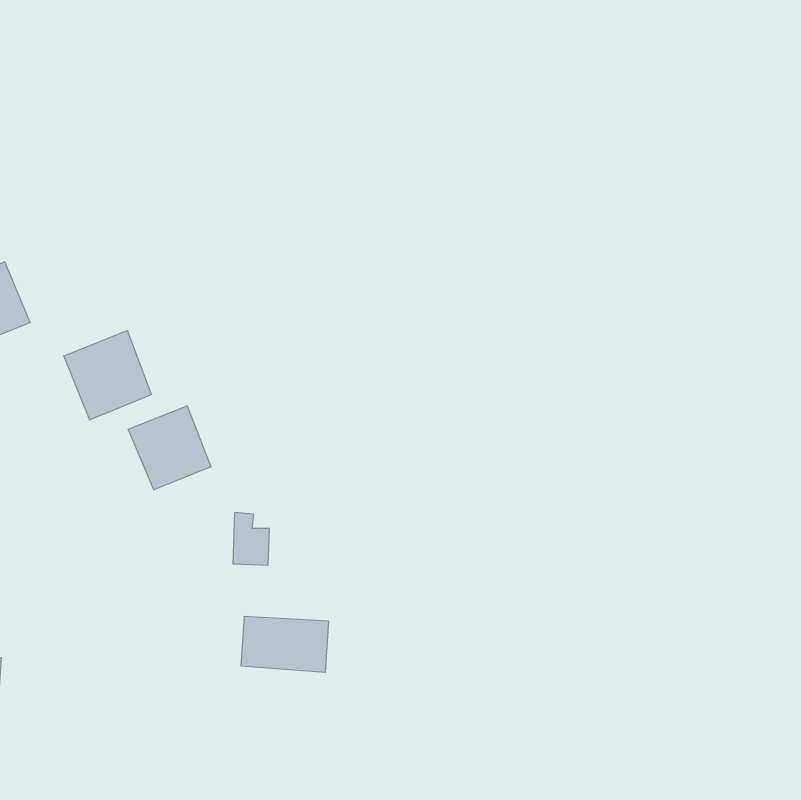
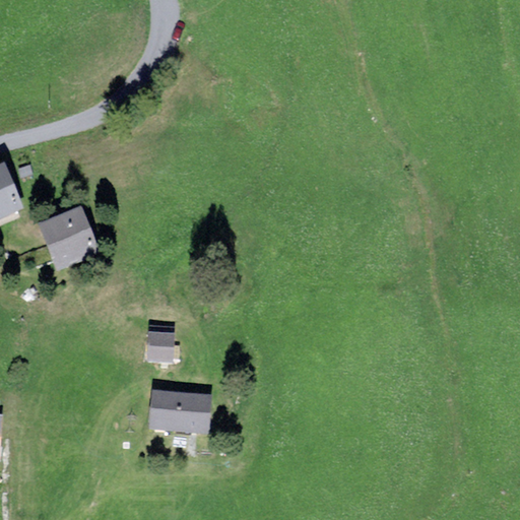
building: [128,406,211,490] -> none

